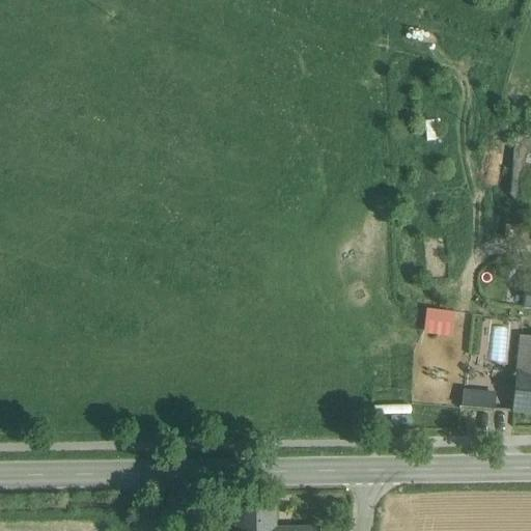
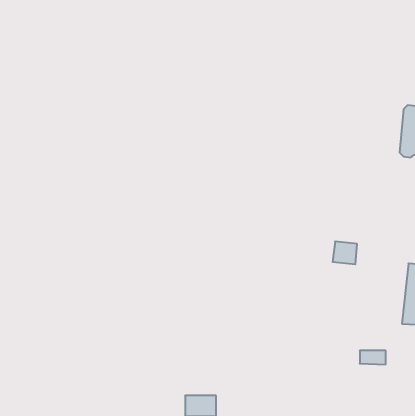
building: [463,390,496,408] -> [360,351,386,364]

